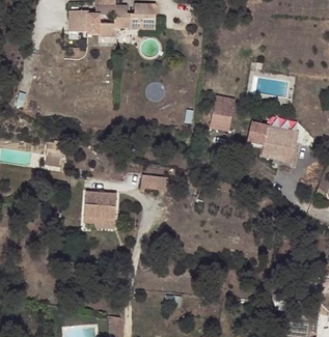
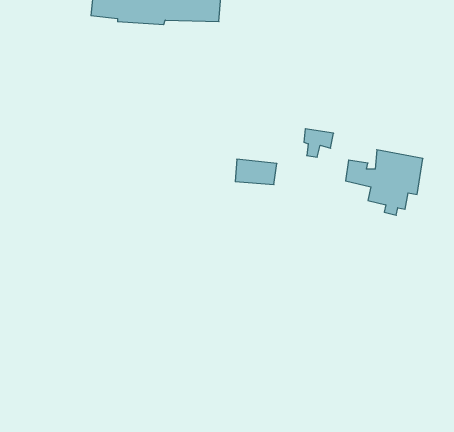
building: [141,172,170,190] -> [235,159,277,185]
building: [75,193,106,222] -> none

